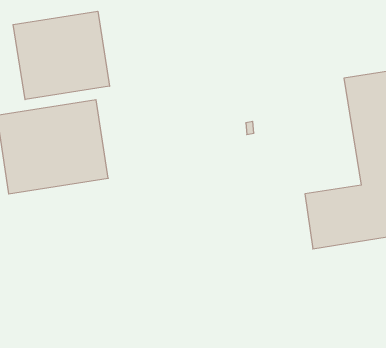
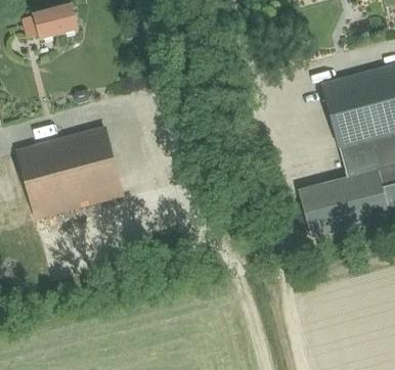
building: [13,11,110,100] -> none

